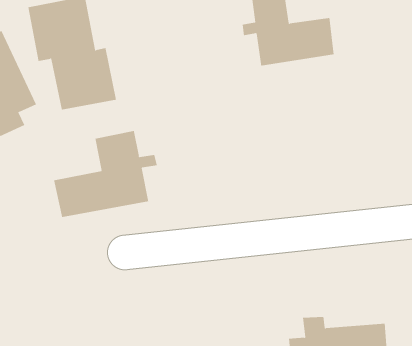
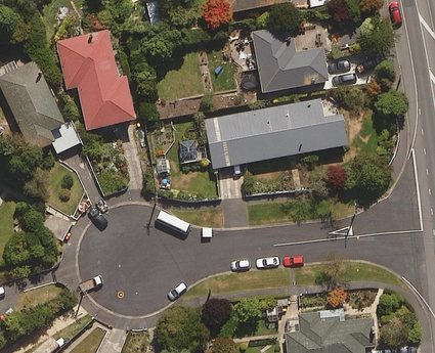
building: none -> [205,99,347,168]
building: [54,130,157,218] -> none

